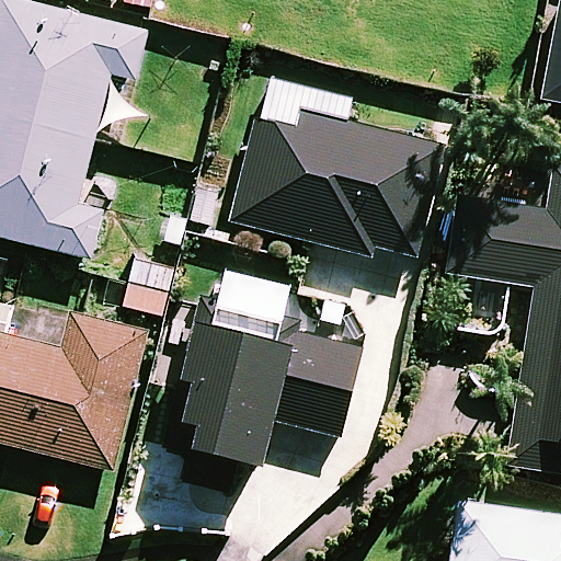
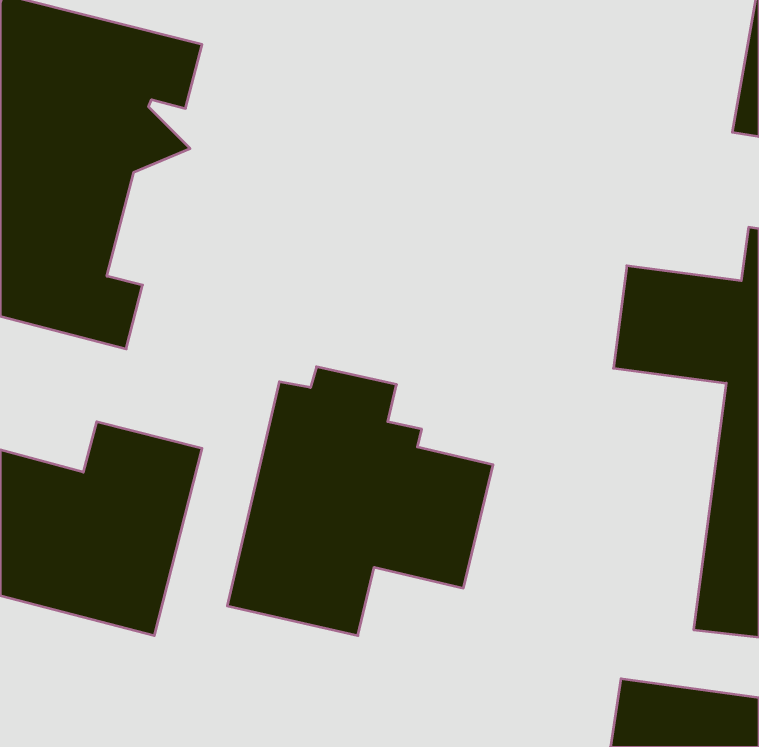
building: [234,107,444,254] -> none

